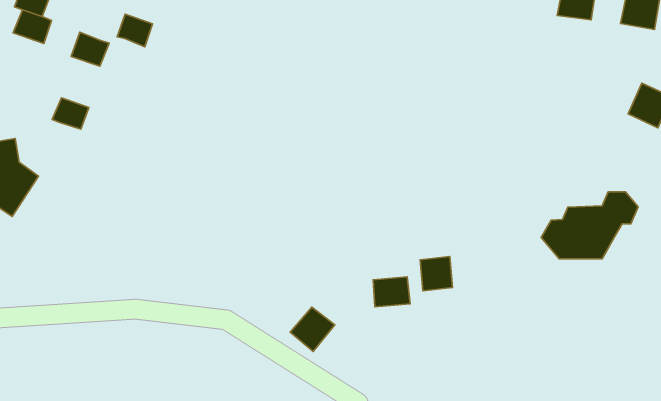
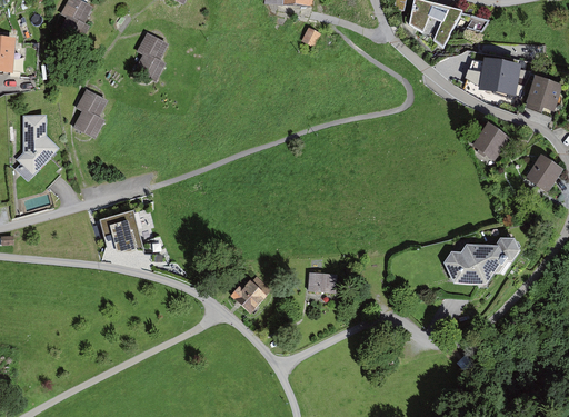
building: [71,32,109,66] -> [133,51,164,80]
building: none -> [473,122,506,156]
building: none -> [73,108,104,137]
building: none -> [94,207,140,249]
building: [420,257,453,291] -> none

